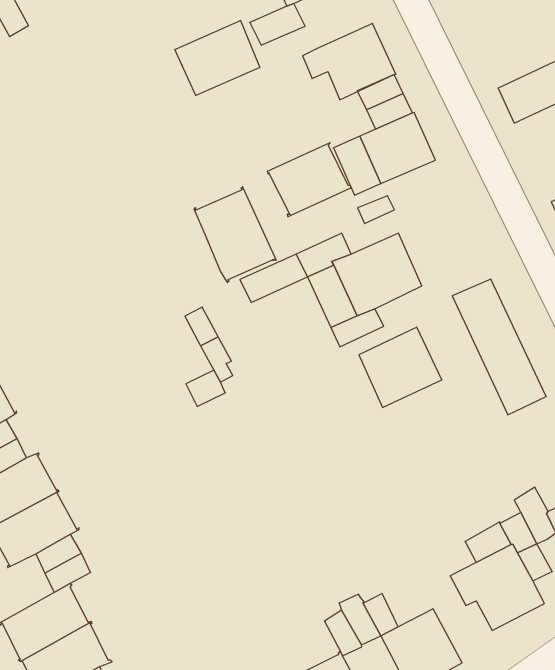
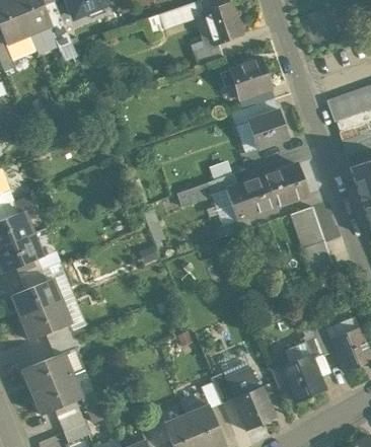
building: [175,20,260,95] -> none
building: [268,143,351,217] -> none
building: [194,187,276,283] -> none
building: [359,327,442,407] -> [264,163,308,206]
building: none -> [223,363,263,393]

